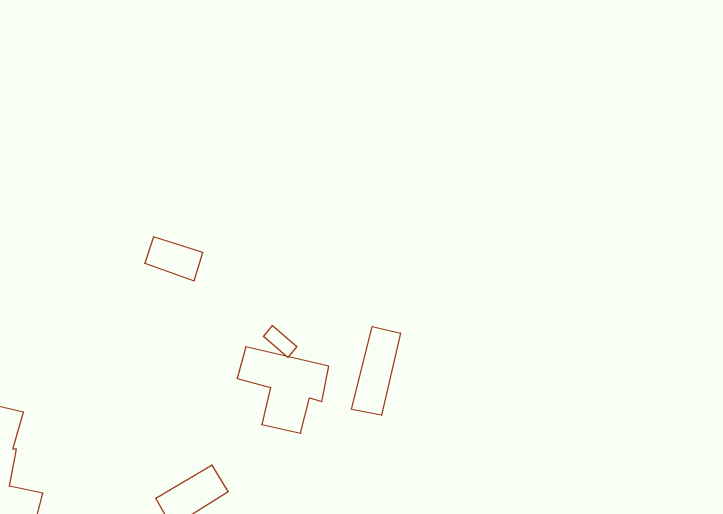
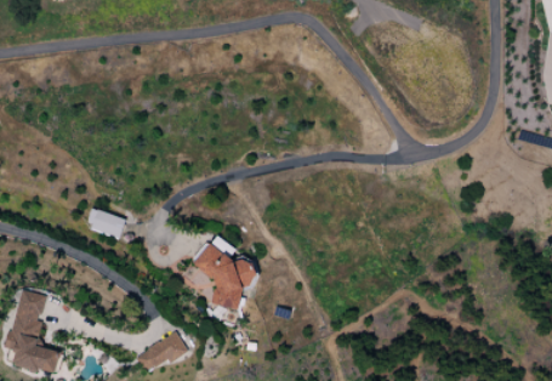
building: [145,237,203,281] -> [85,207,125,238]
building: [352,327,400,415] -> none

